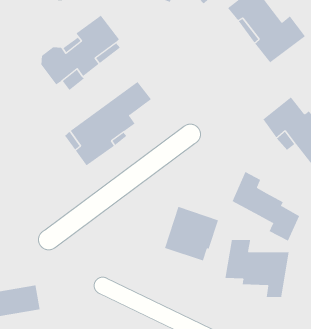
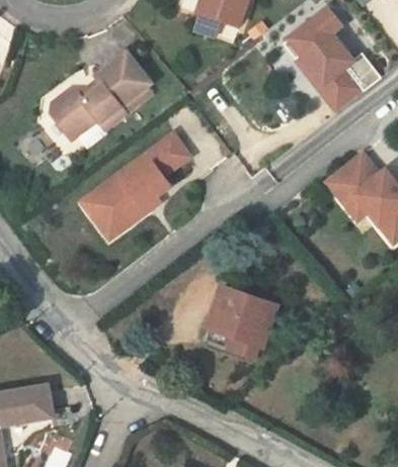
building: [232,171,300,242] -> none
building: [225,239,289,298] -> none

